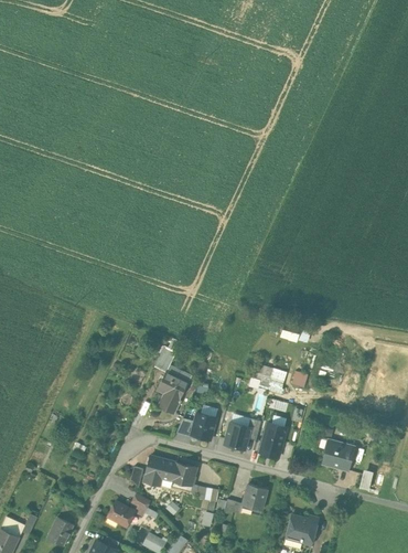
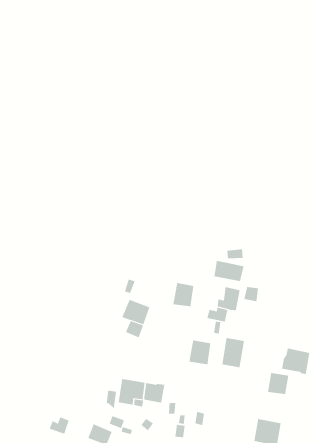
building: none -> [214,260,244,282]
building: [190,412,215,439] -> [172,283,194,307]
building: [241,482,267,508] -> [267,372,289,394]

